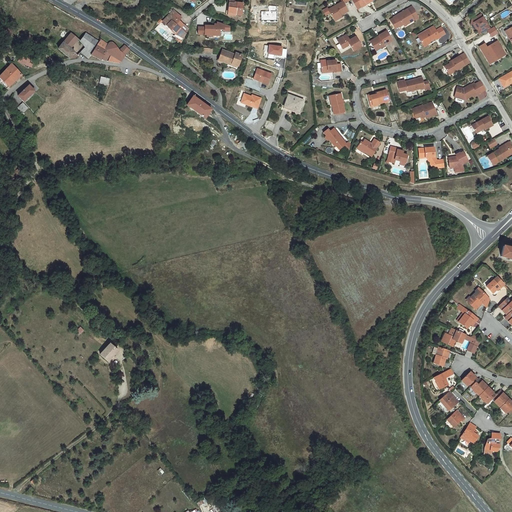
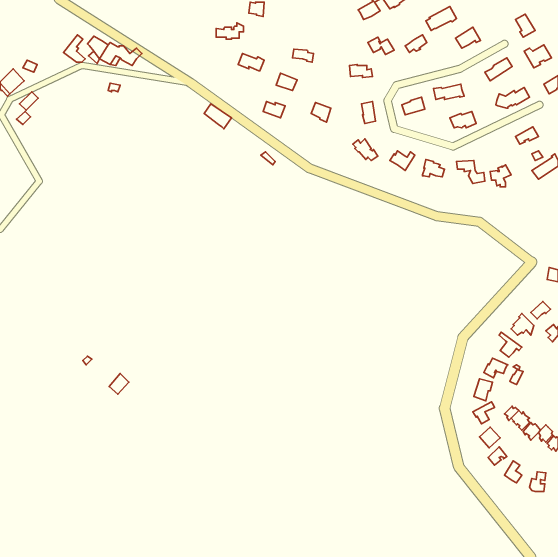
building: [163,9,188,38] -> none

